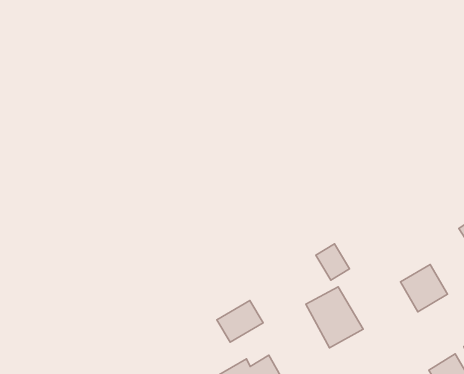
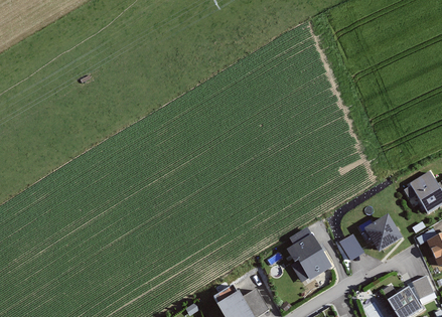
building: [316,244,349,280] -> [336,231,363,261]
building: [217,300,263,342] -> none

